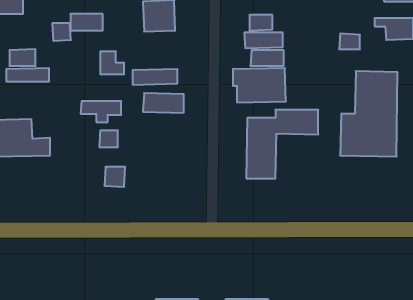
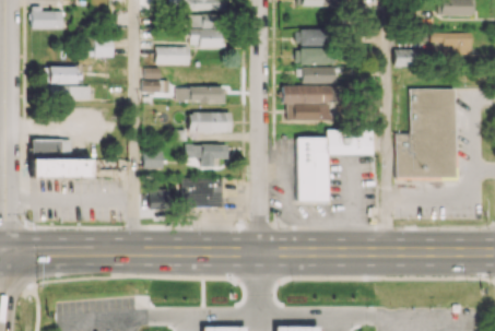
building: [70,14,103,31] -> [156,47,190,64]
building: [81,101,121,122] -> [186,144,228,166]
building: none -> [182,177,223,206]

